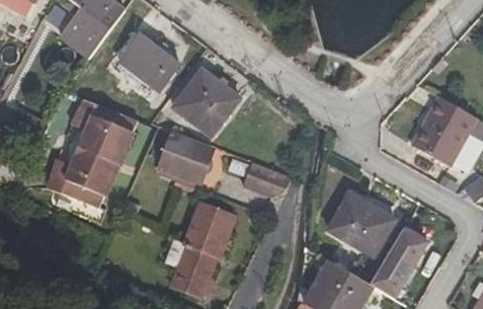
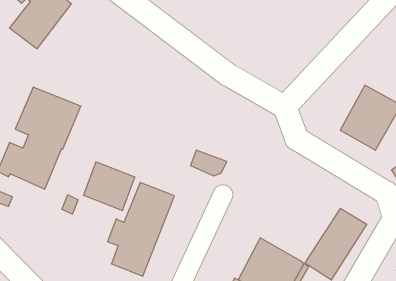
building: [118,34,178,91] -> none
building: [172,68,240,137] -> none
building: [158,132,213,183] -> [83,162,135,211]
building: [326,191,395,256] -> none

